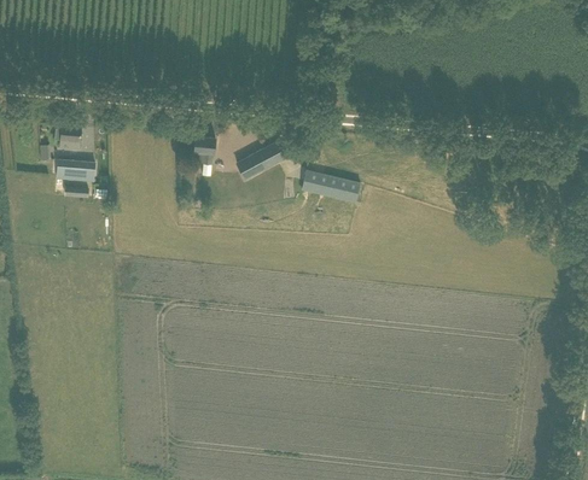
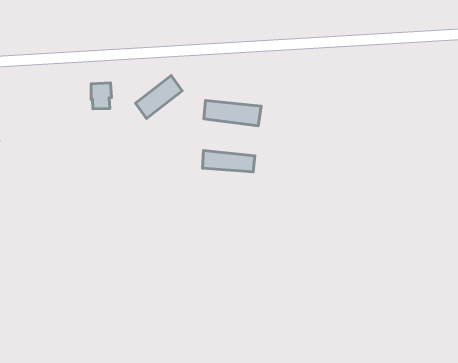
building: none -> [202,151,255,172]

